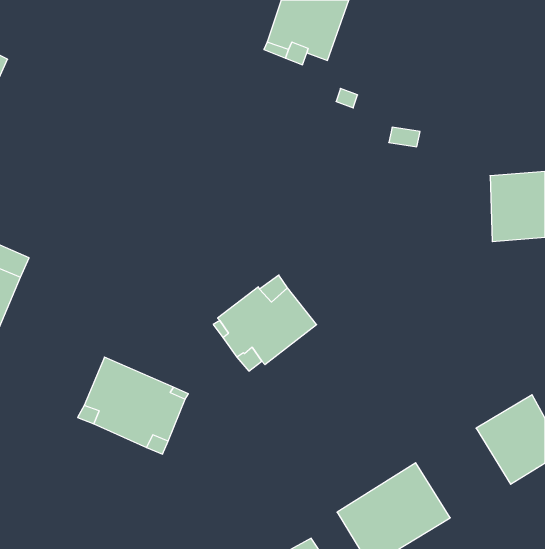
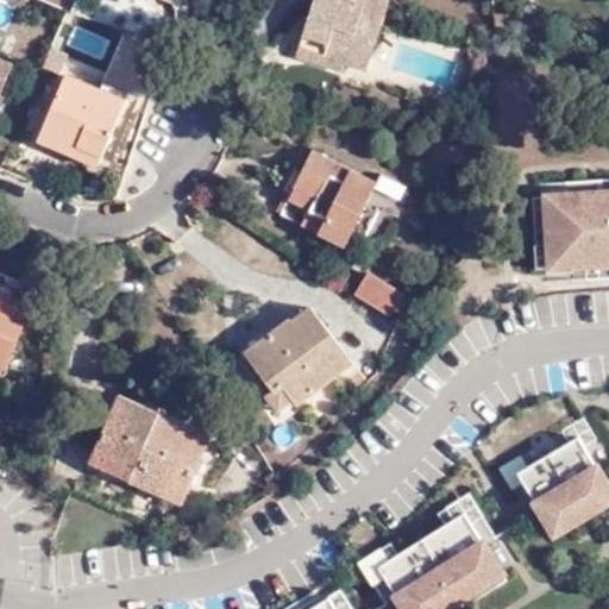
building: none -> [38,76,124,157]
building: none -> [282,151,375,244]
building: none -> [353,270,402,315]

